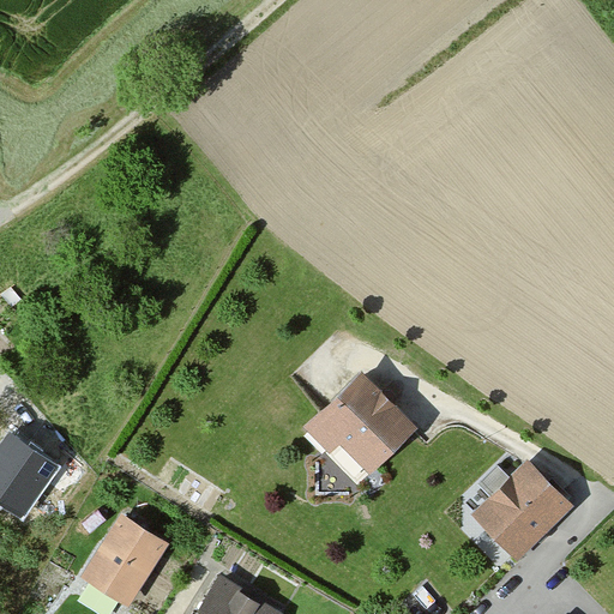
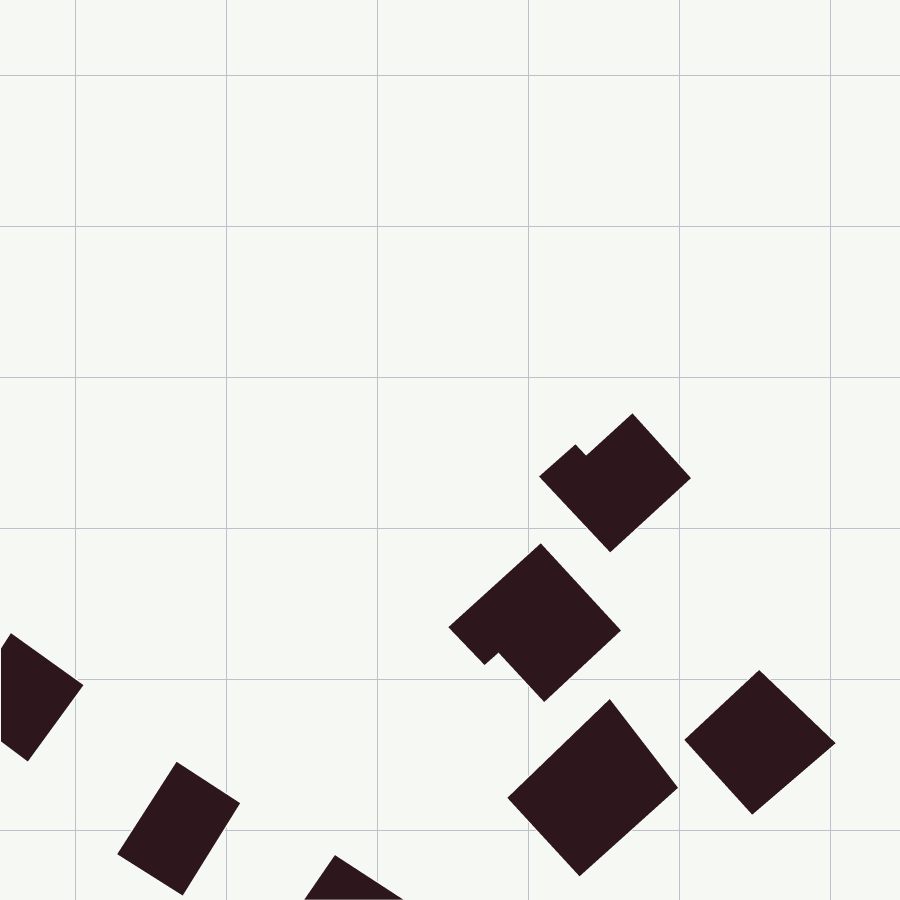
building: none -> [538,413,692,553]
building: none -> [507,698,679,877]

